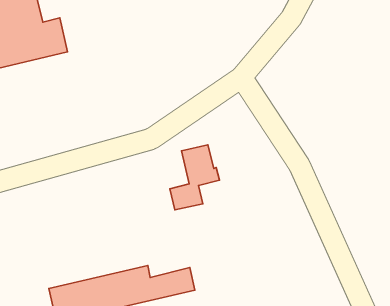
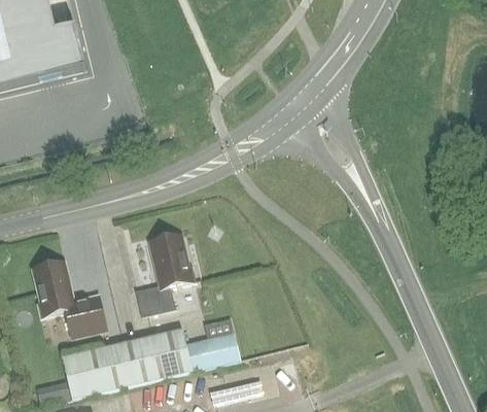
building: [170,145,220,210] -> [136,238,197,317]
building: none -> [34,266,106,334]

